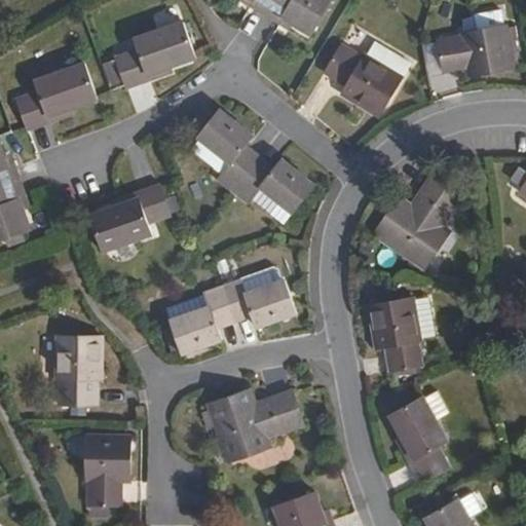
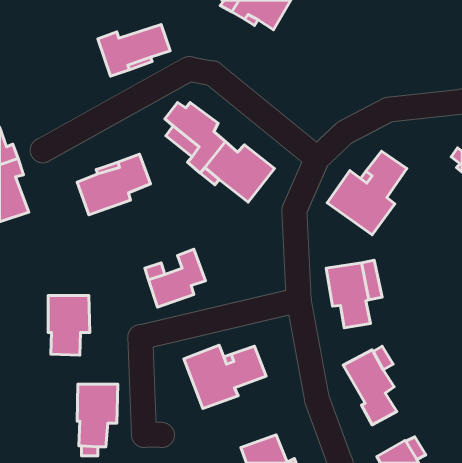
building: [436,26,514,75] -> none
building: [325,41,410,115] -> none
building: [11,71,96,128] -> none
building: [220,276,295,322] -> none

